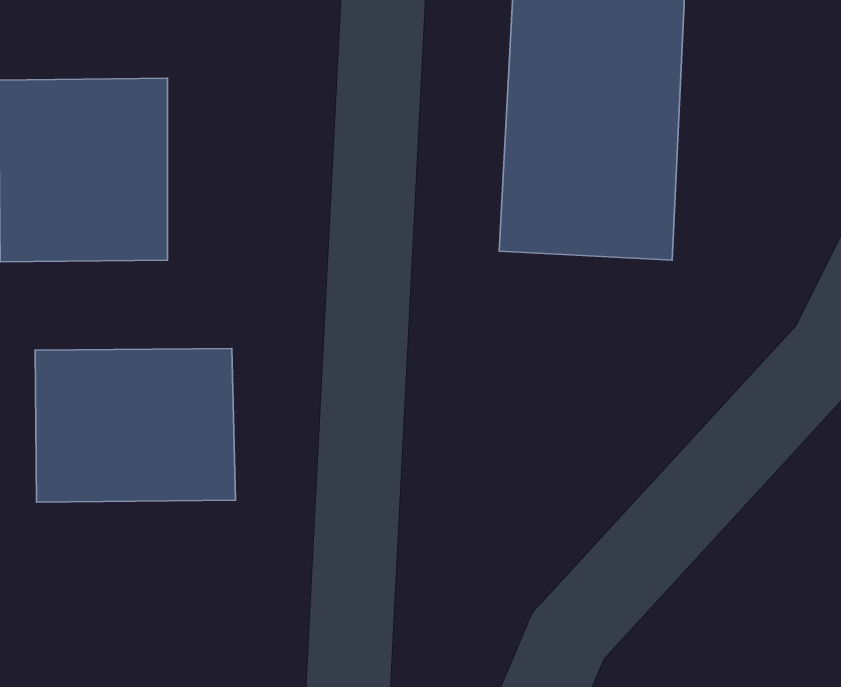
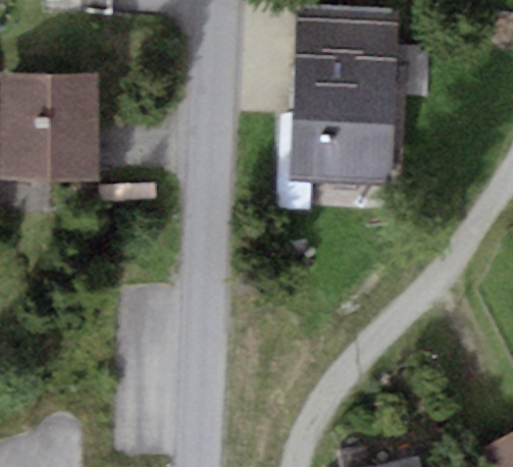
building: [35,348,235,502] -> none

